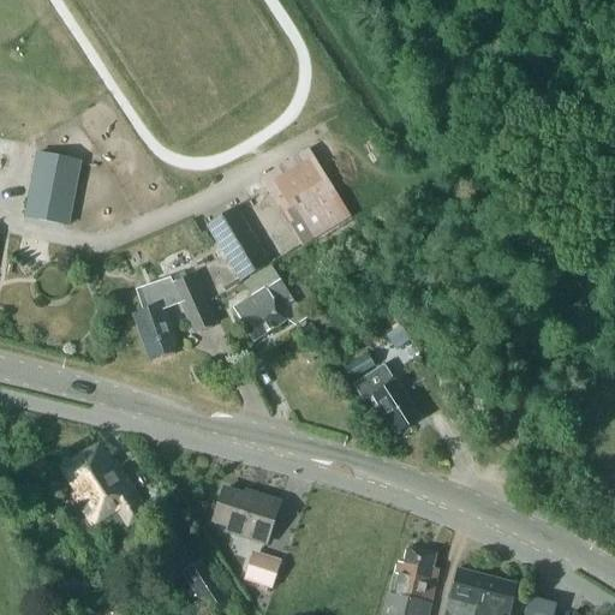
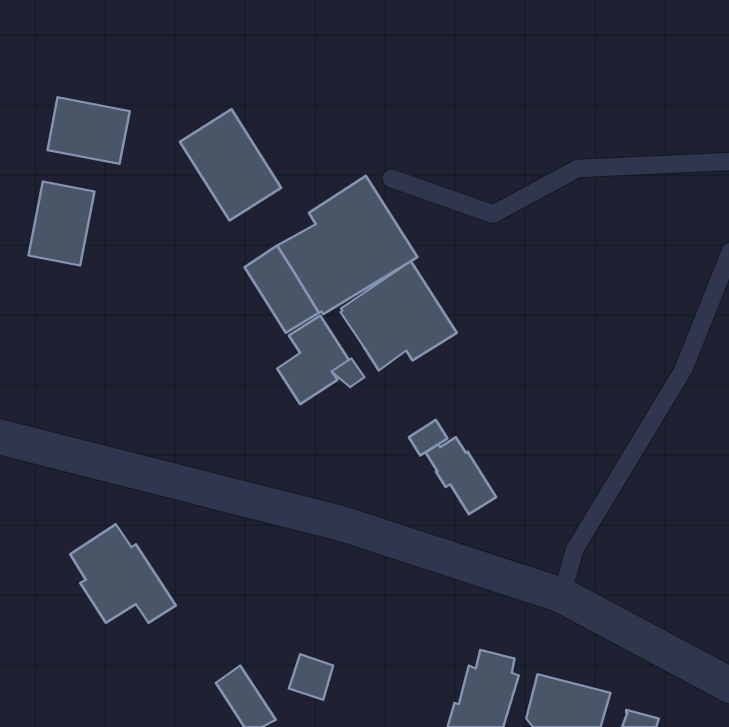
building: none -> [47,97,130,164]
building: none -> [180,109,281,220]
building: none -> [341,261,457,370]
building: [131,274,213,360] -> none
building: [211,486,276,541] -> none

